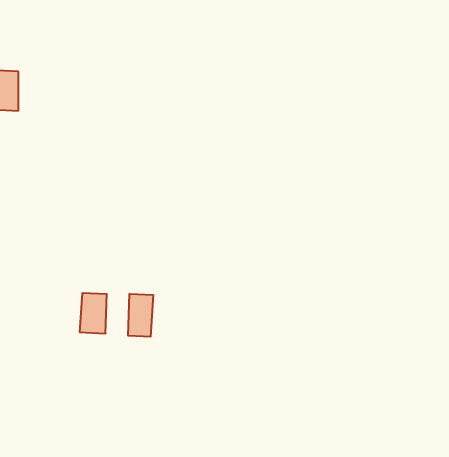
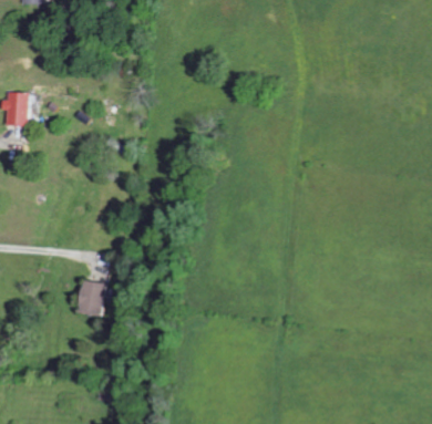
building: [128,294,153,337] -> none

